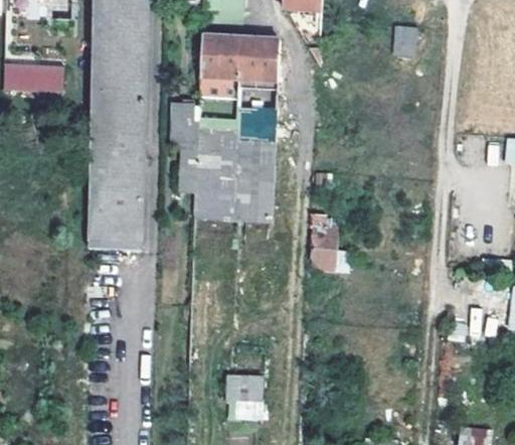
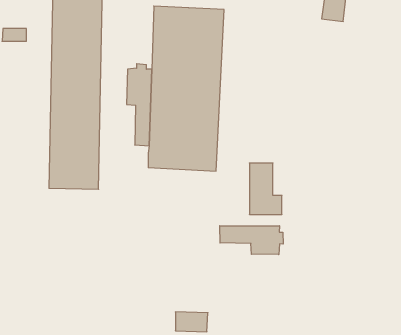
building: none -> [220,226,283,255]

